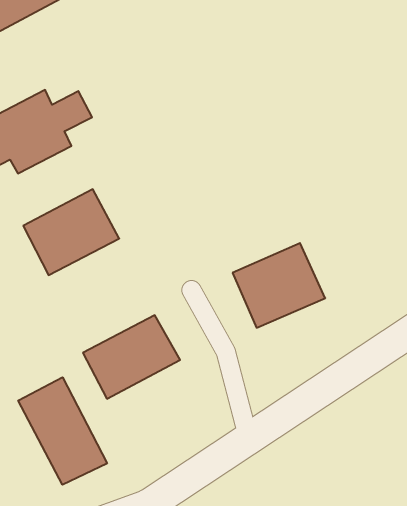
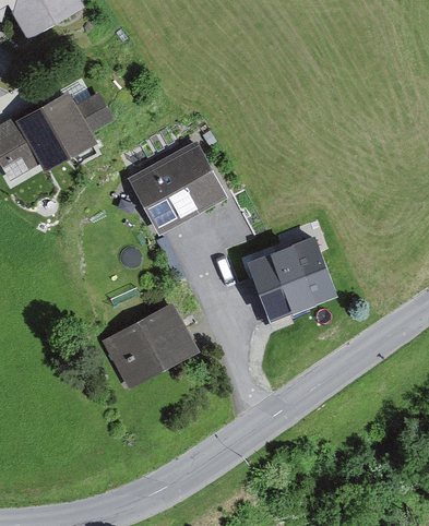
building: [23,189,119,275] -> [133,146,225,228]
building: [18,377,107,485] -> none

